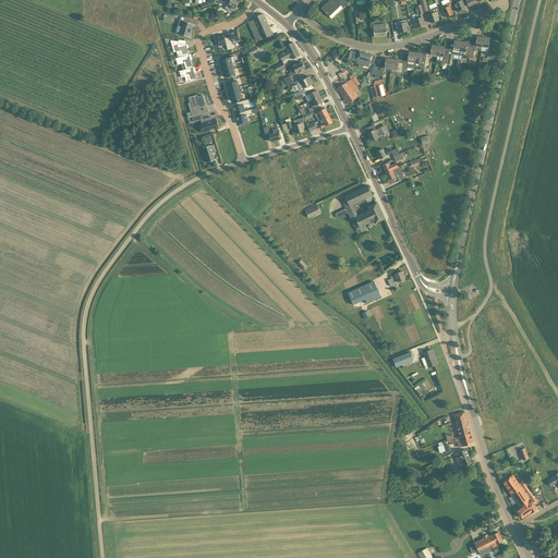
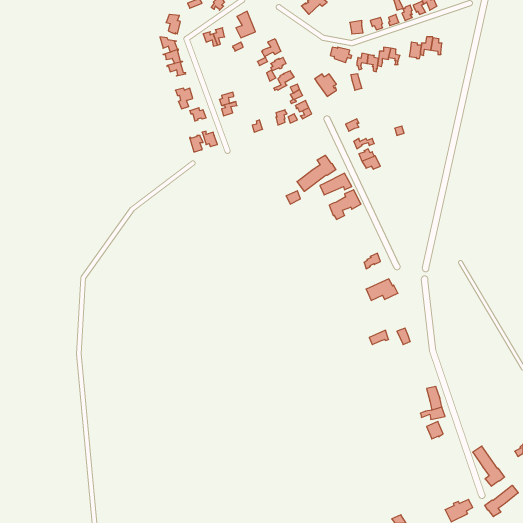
building: none -> [297,155,336,191]
building: [347,281,380,304] -> [366,279,398,300]
building: none -> [485,485,518,517]

